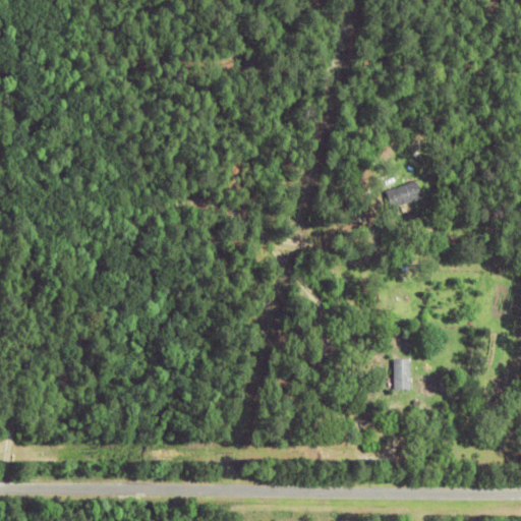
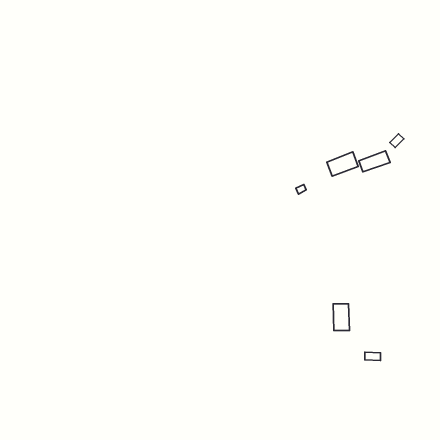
building: none -> [359,151,390,172]

